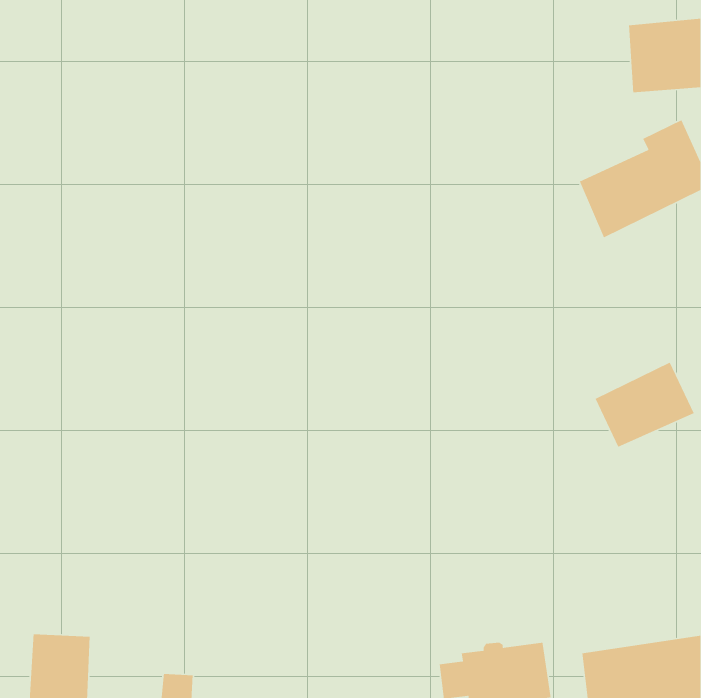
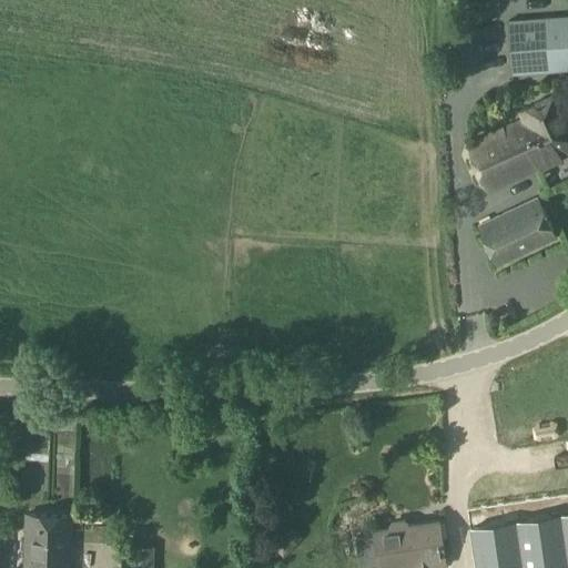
building: [595,361,695,448] -> [478,199,559,268]

